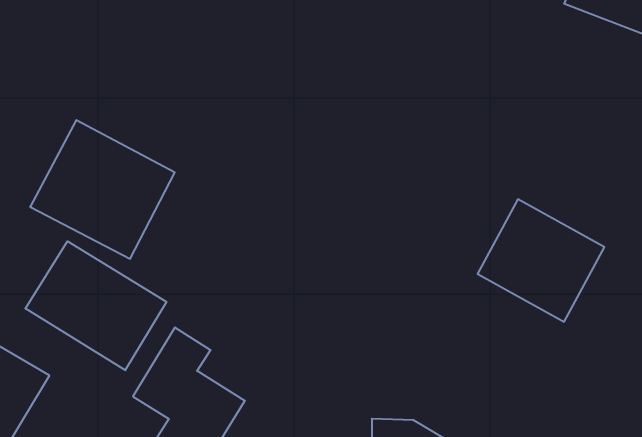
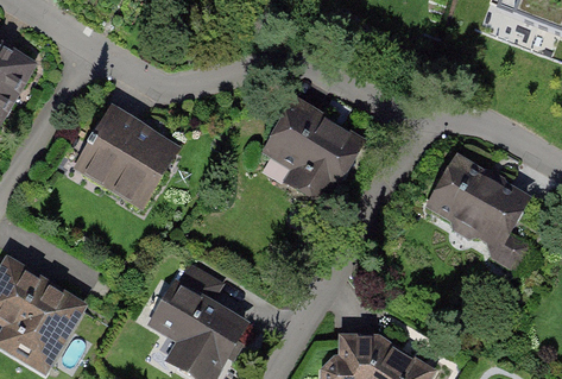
building: none -> [258,97,366,194]
building: [25,241,166,370] -> none

